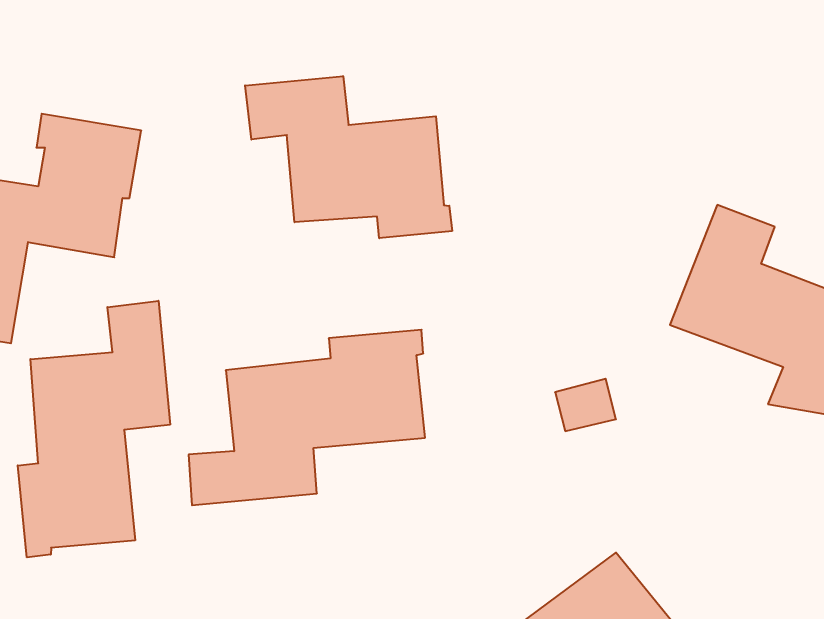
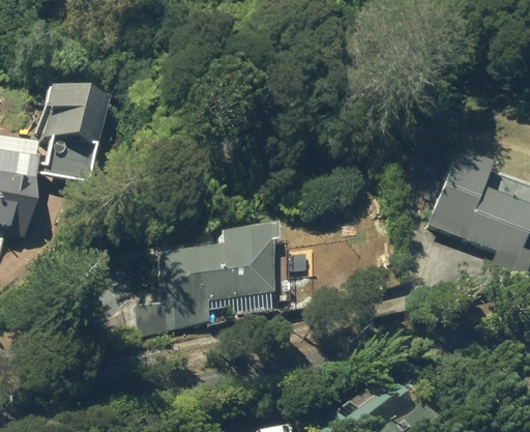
building: [245,76,452,238] -> none
building: [18,301,170,557] -> none

